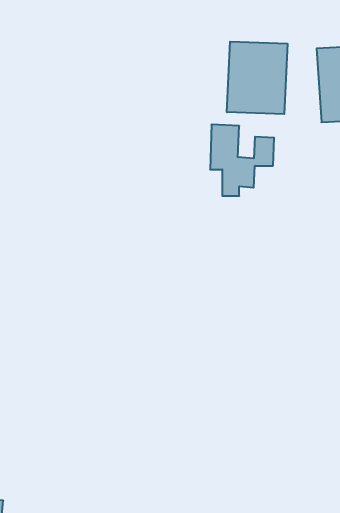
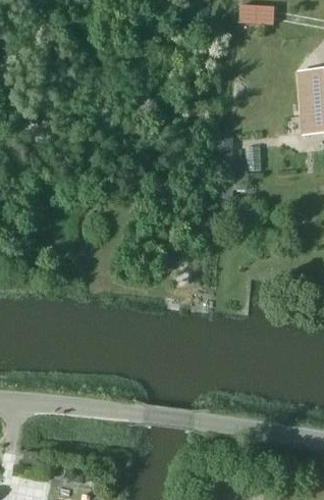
building: [227,42,287,114] -> none

